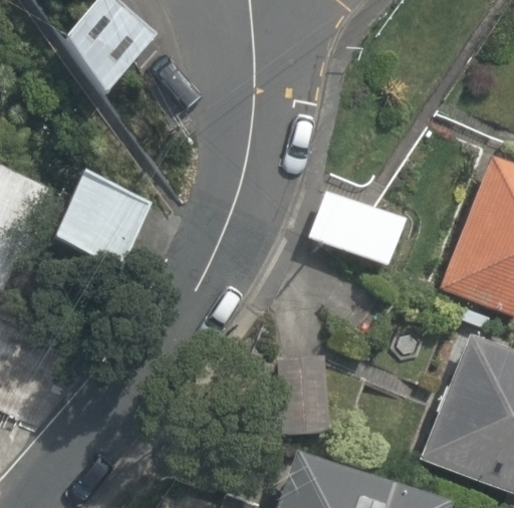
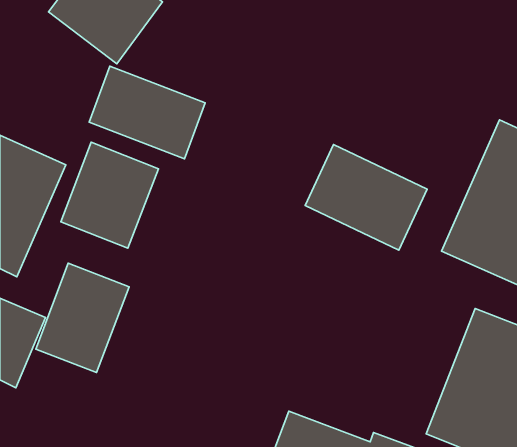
building: none -> [89,66,205,159]
building: none -> [36,263,129,373]

